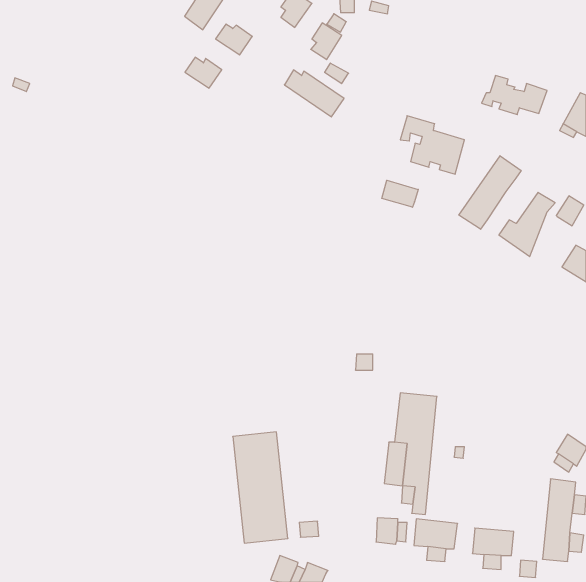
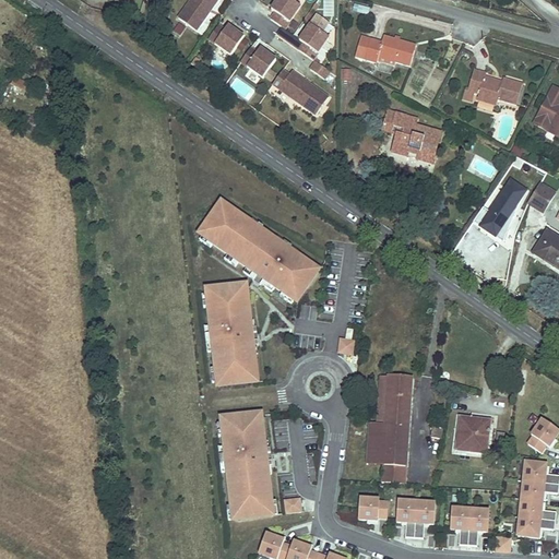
building: none -> [350,35,412,69]
building: [185,57,222,88] -> [238,45,273,74]
building: [459,156,521,229] -> none
building: [382,180,418,207] -> none
building: none -> [199,199,320,299]
building: none -> [206,283,261,384]
building: none -> [455,414,492,454]

